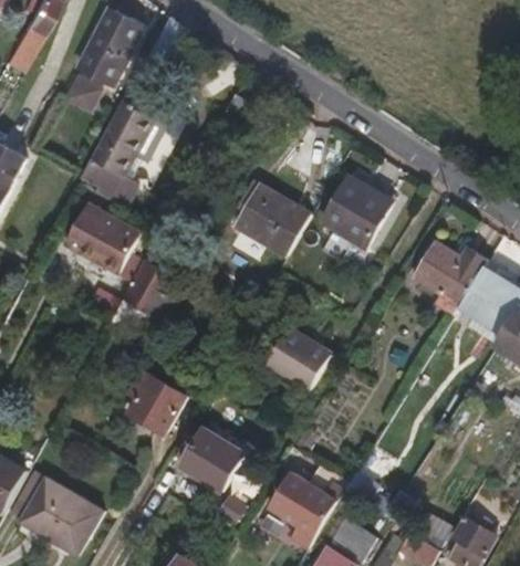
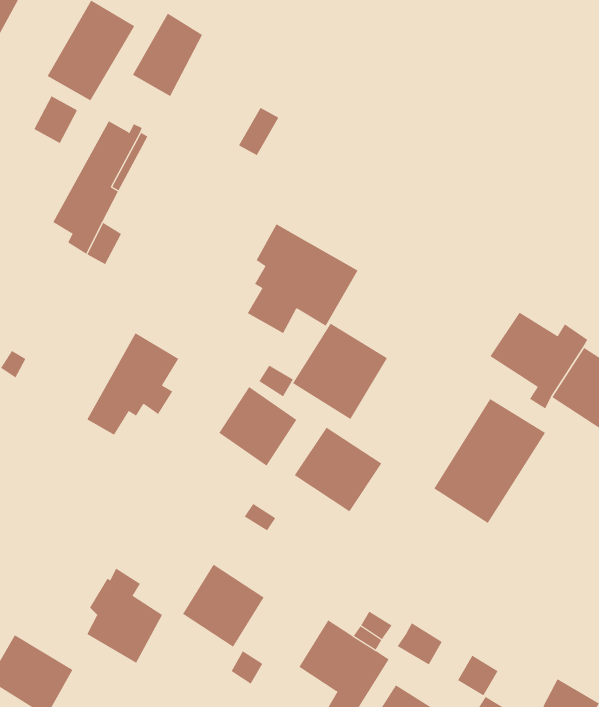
building: [321,177,393,250] -> [292,323,388,420]
building: [64,201,141,273] -> none
building: none -> [218,386,297,467]
building: none -> [434,398,546,524]
building: [128,363,186,434] -> [86,568,163,663]

